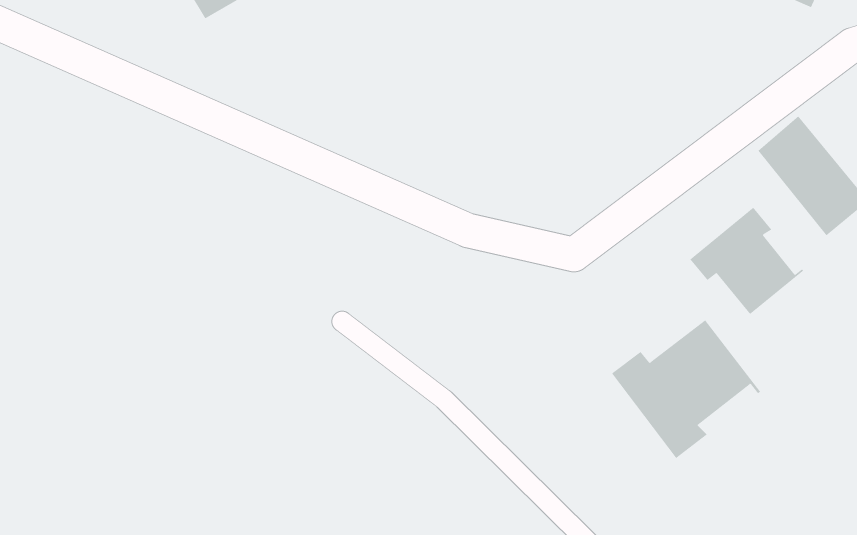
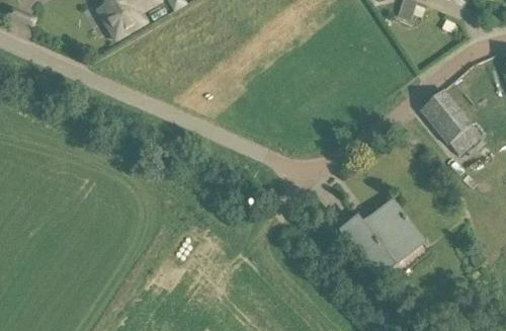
building: [690,207,804,315] -> none

